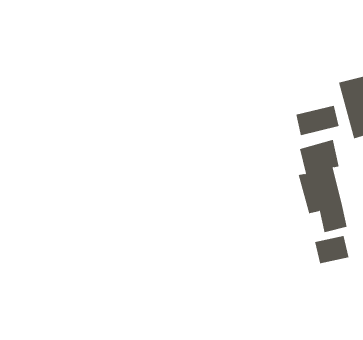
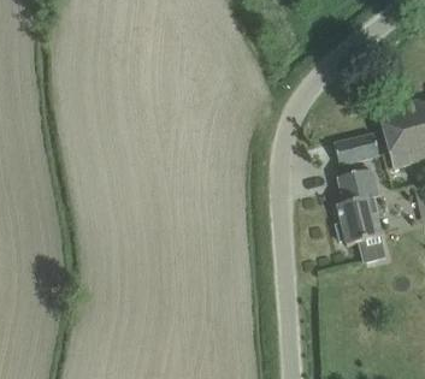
building: [314,235,349,264] -> none

